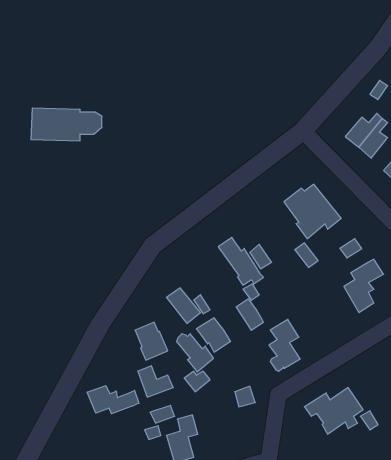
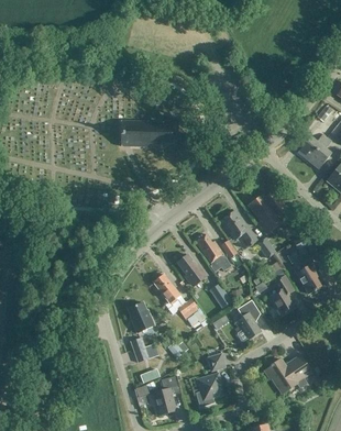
building: [31,108,102,141] -> [121,121,178,147]
building: none -> [220,210,256,244]
building: none -> [268,276,296,314]
building: [177,334,213,372] -> [176,254,206,285]
building: [87,386,139,414] -> none
building: none -> [196,374,223,407]

